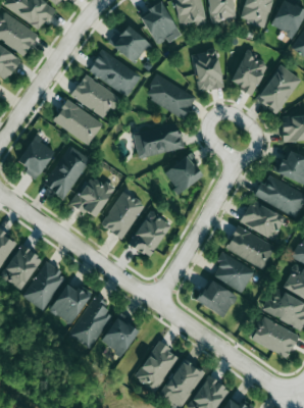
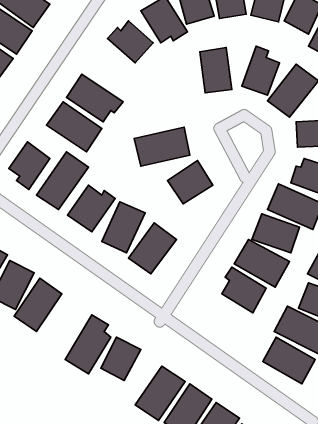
building: [88,50,142,98] -> none
building: [145,74,196,119] -> none
building: [197,279,237,318] -> none
building: [49,282,92,325] -> none

